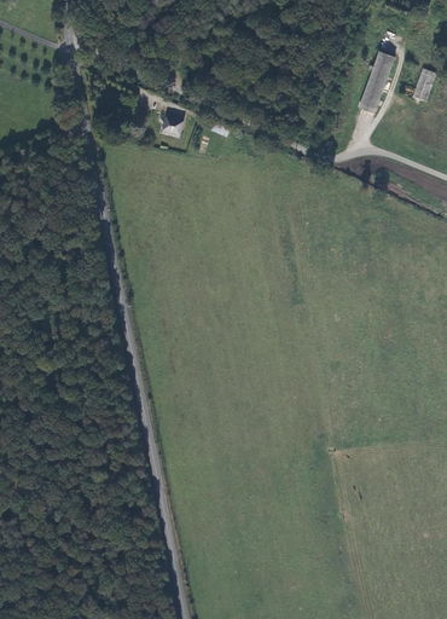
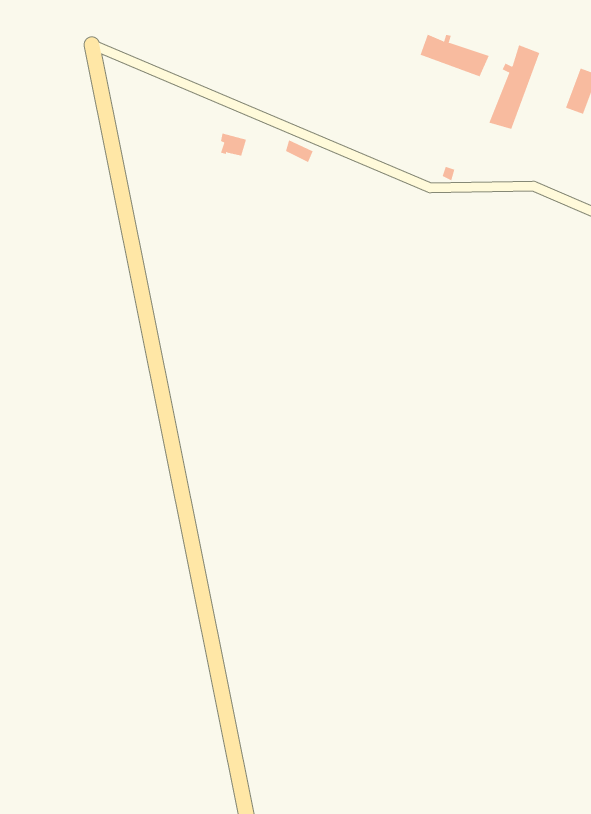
building: none -> [420,34,489,77]

